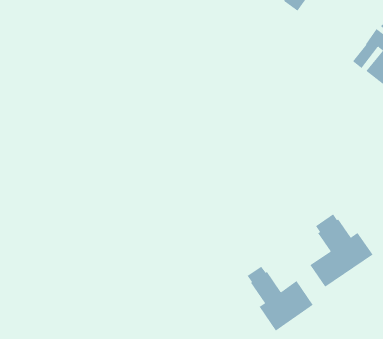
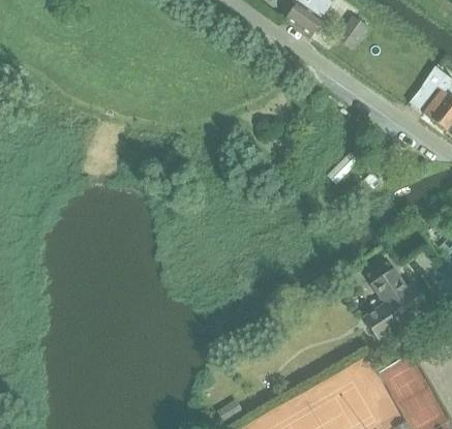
building: [247,266,314,331] -> none

